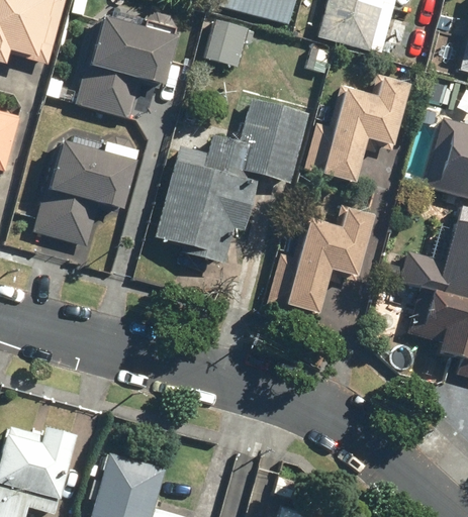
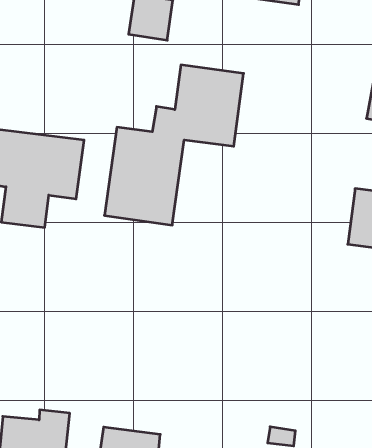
building: [77,11,177,110] -> none
building: [324,77,409,172] -> none
building: [273,204,369,311] -> none

